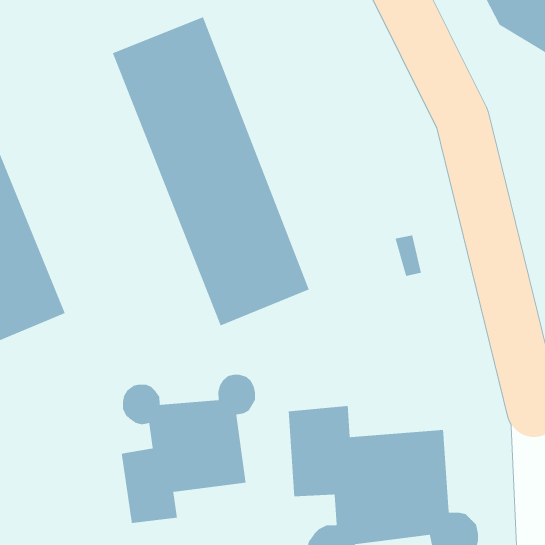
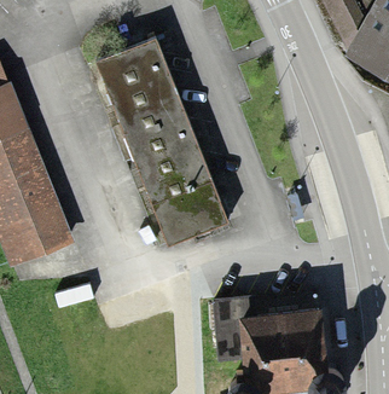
building: [121,374,256,524] -> none

